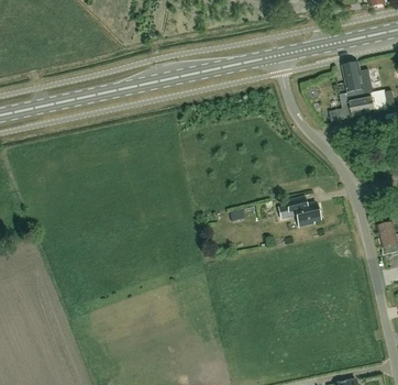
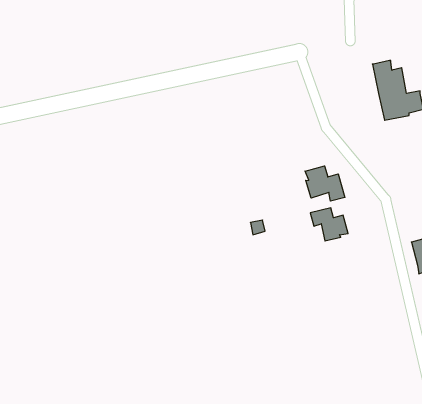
building: none -> [305,166,345,201]

